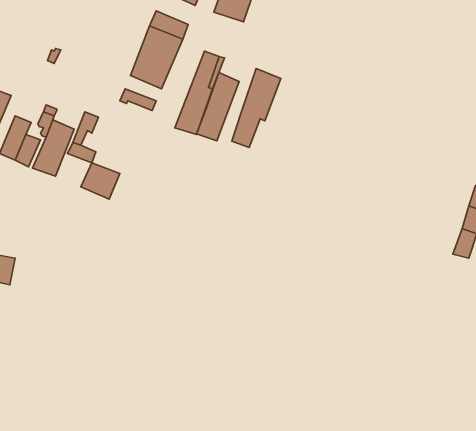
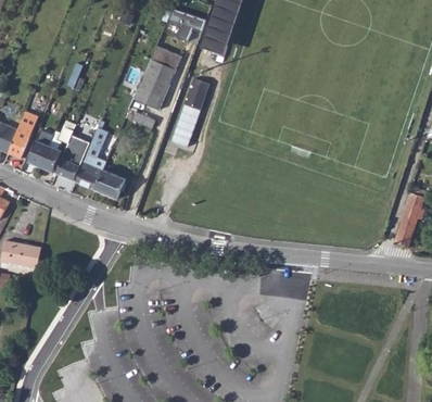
building: [232,68,281,147] -> none
building: [197,73,239,141] -> none
building: none -> [75,161,102,188]

